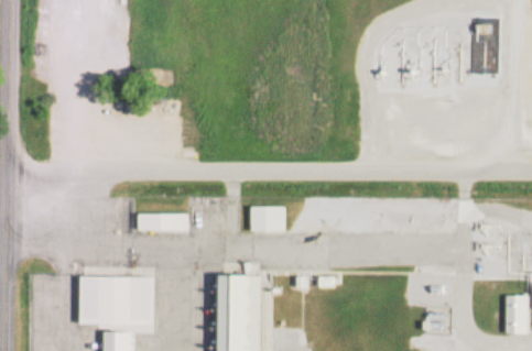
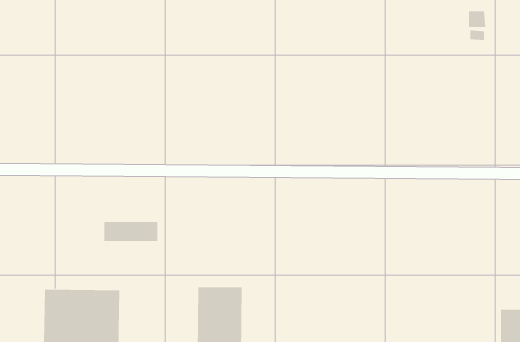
building: [248,206,284,231] -> none

